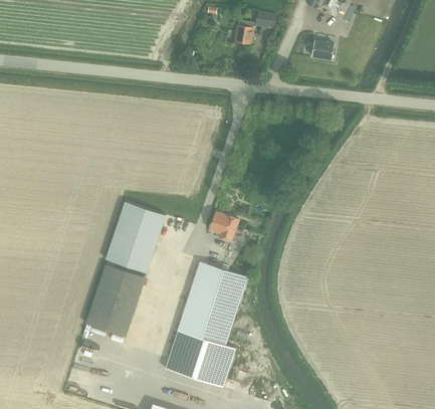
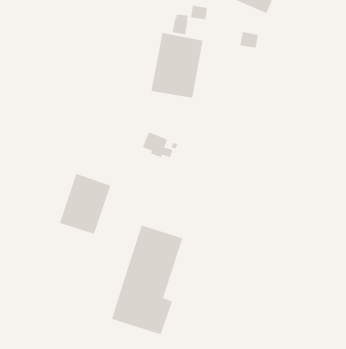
building: none -> [151,32,203,99]
building: [209,211,244,241] -> [142,131,173,158]
building: [86,265,144,336] -> none

